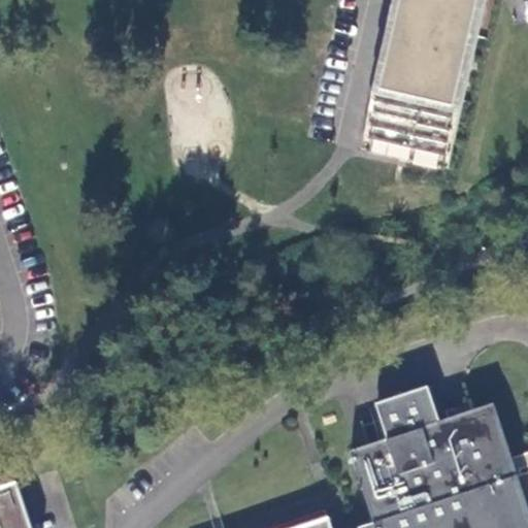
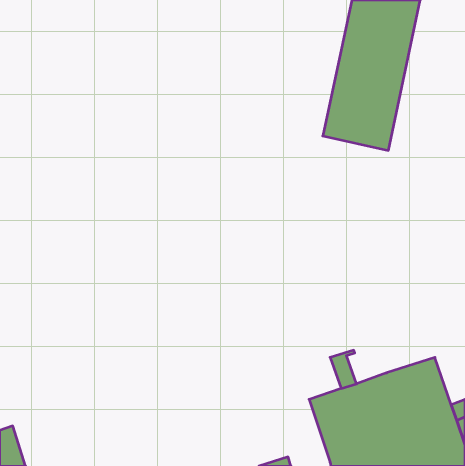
building: [392,387,437,434] -> none

